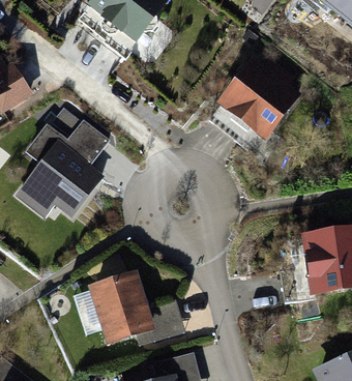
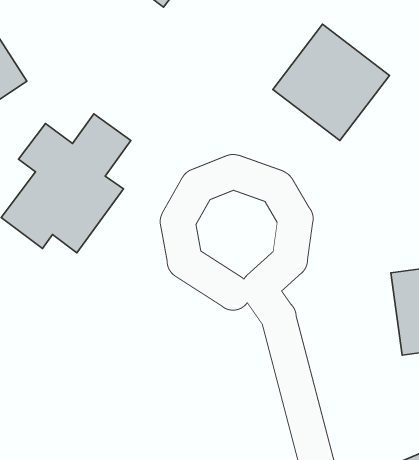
building: [83,269,152,344] -> none

